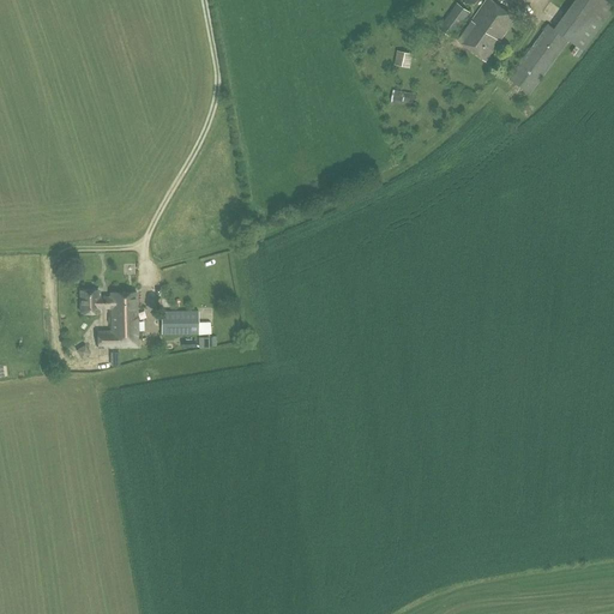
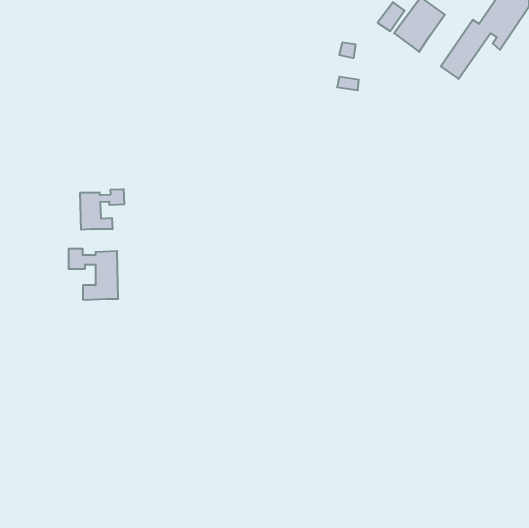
building: none -> [80,189,124,230]
building: [161,311,209,332] -> none

